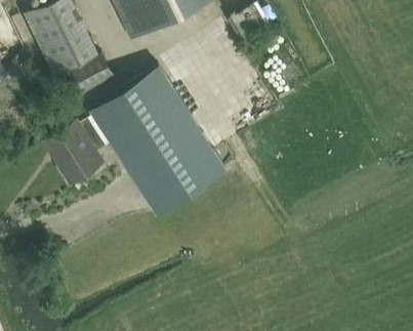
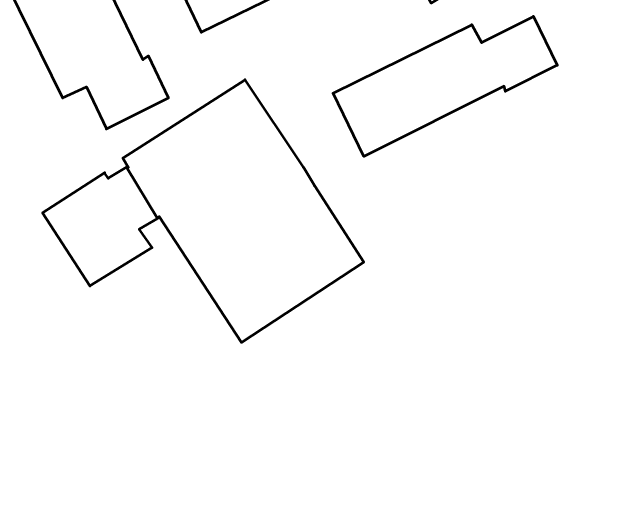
building: none -> [333,16,557,156]

